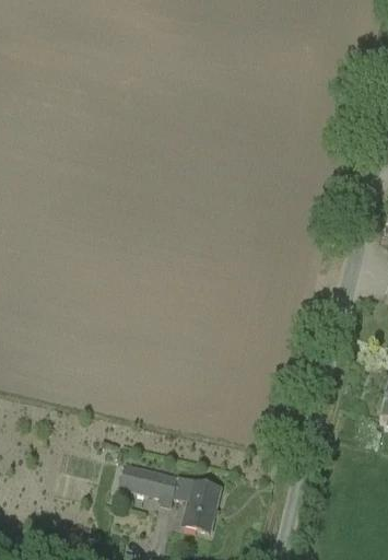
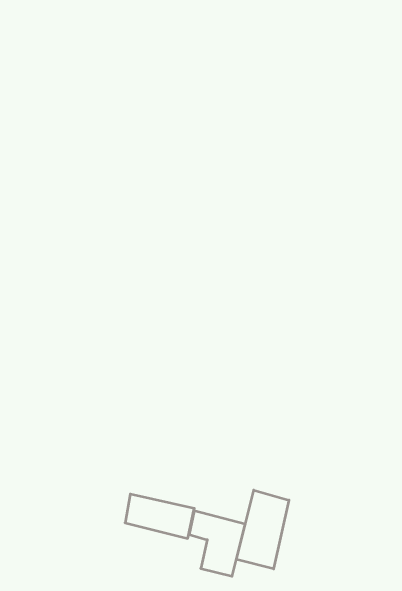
building: none -> [236,490,289,569]

